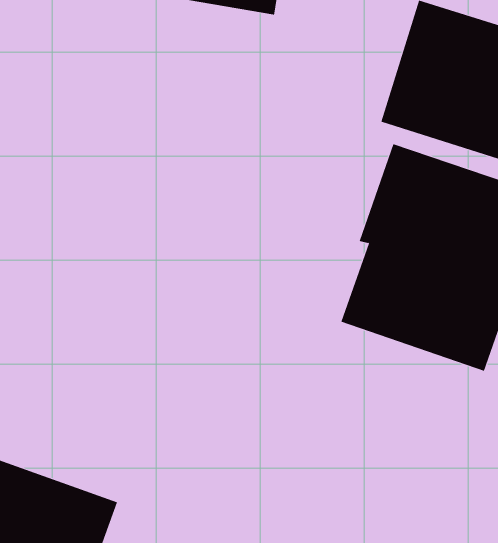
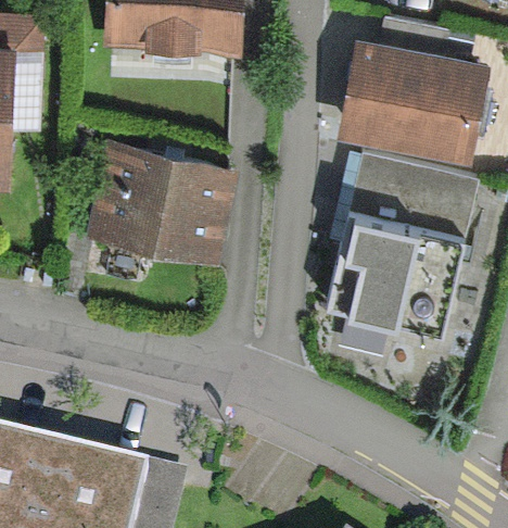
building: none -> [88,140,238,263]

